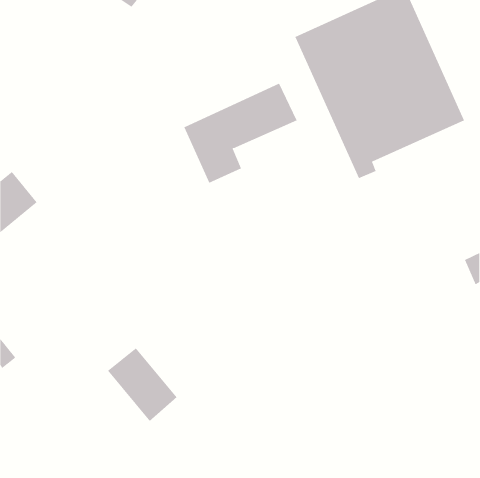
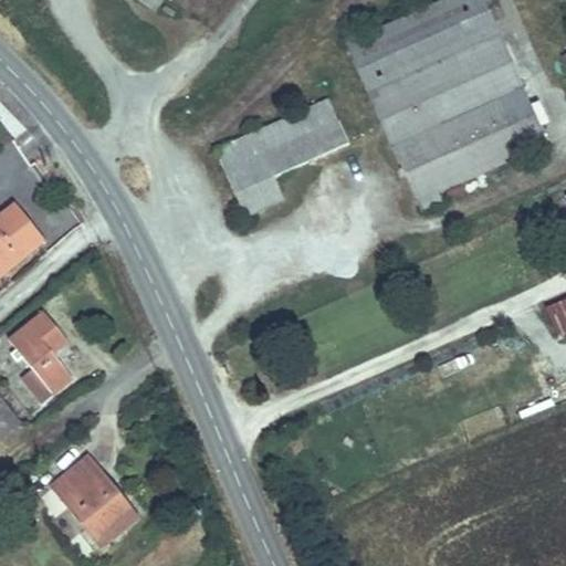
building: none -> [10,311,73,401]
building: [107,347,178,422] -> [53,457,136,544]

